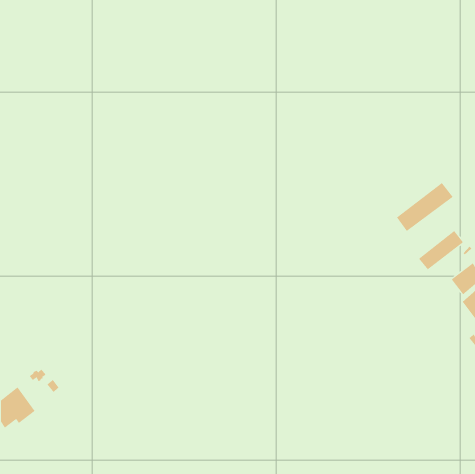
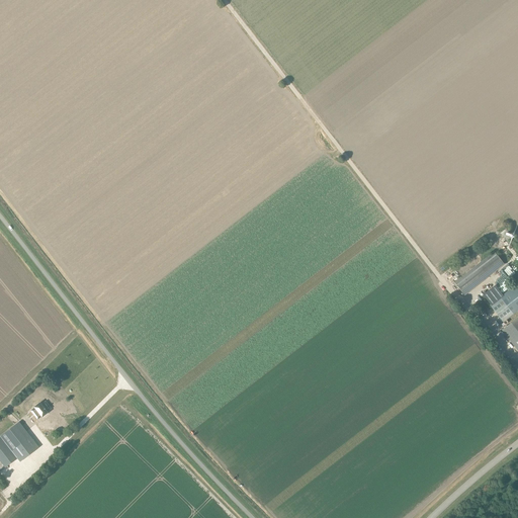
building: [396,182,453,232] -> none

